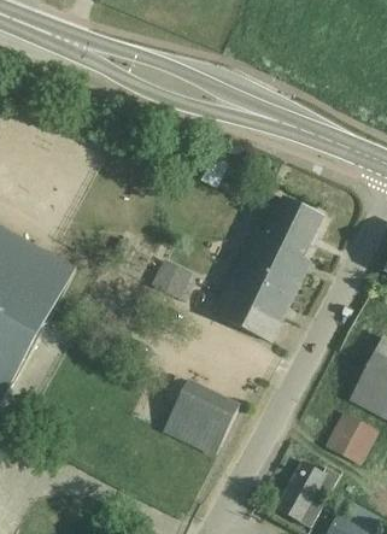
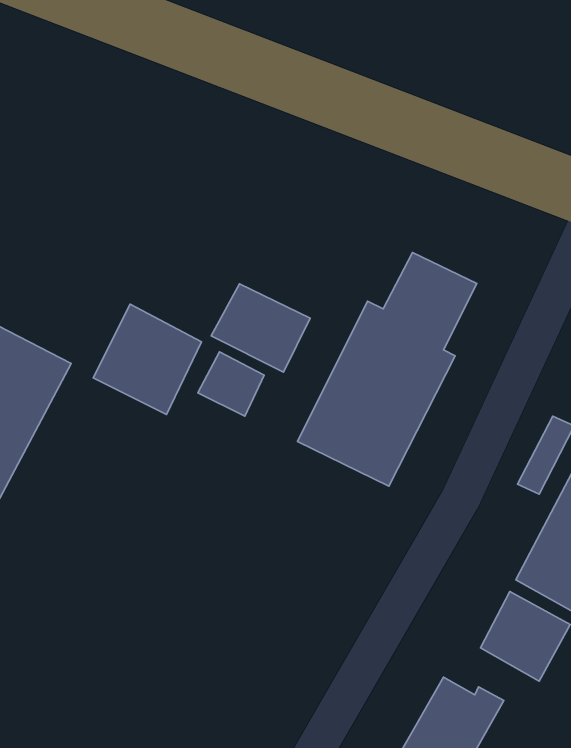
building: none -> [211,284,310,372]
building: none -> [93,304,201,414]
building: [162,379,241,457] -> none

